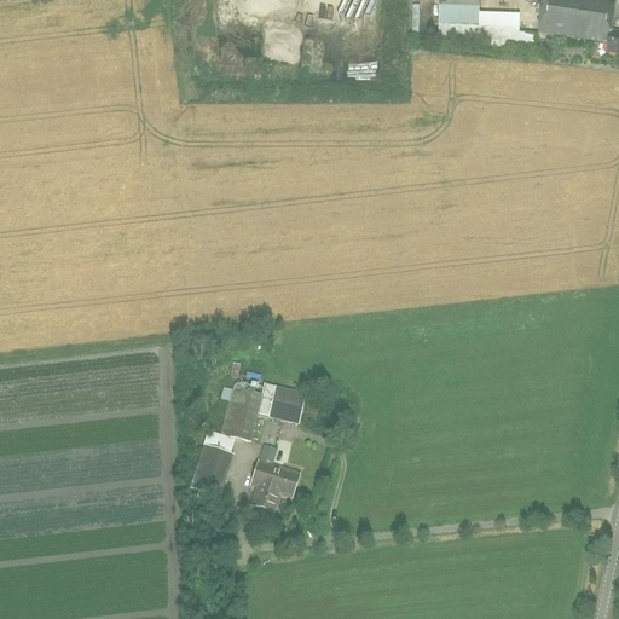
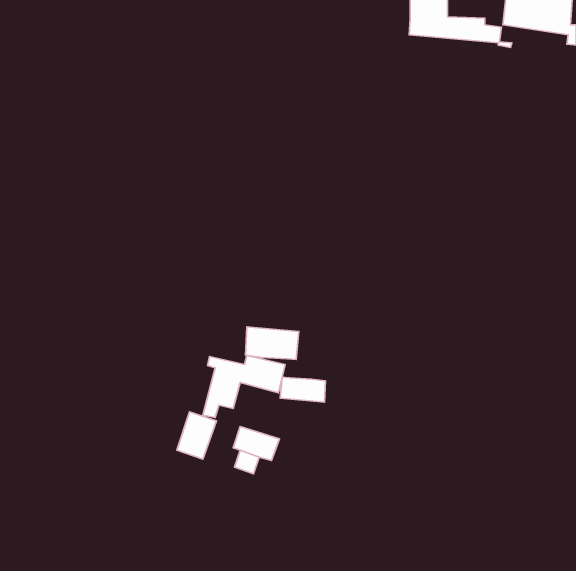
building: none -> [246,327,299,359]
building: none -> [280,377,325,402]

